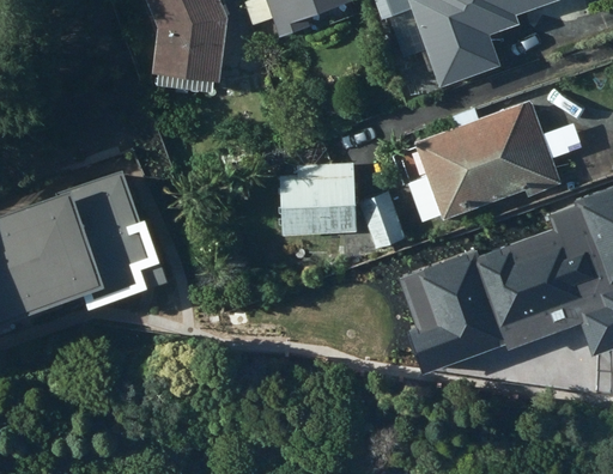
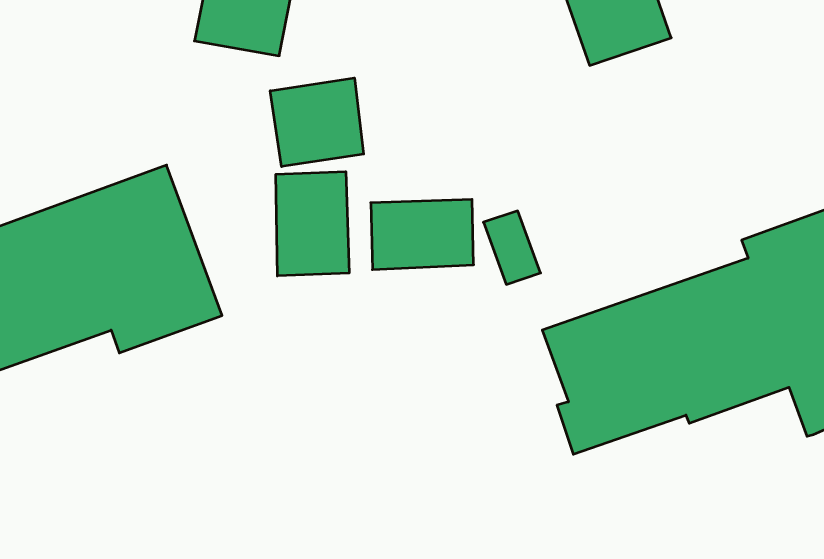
building: none -> [270,78,364,167]
building: [418,102,558,218] -> none
building: none -> [276,172,349,276]

